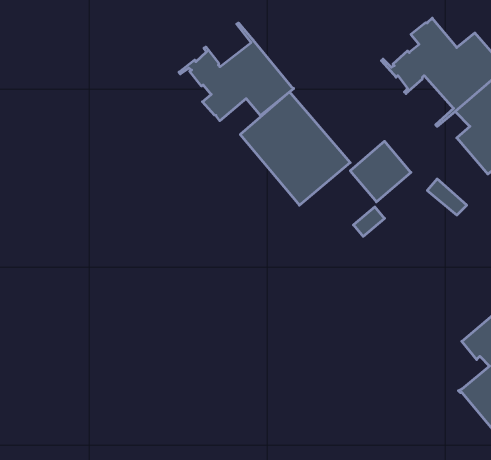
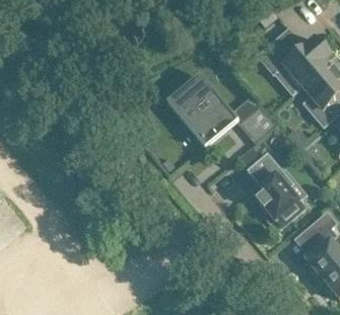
building: [179,23,294,121] -> none
building: none -> [246,149,303,225]

